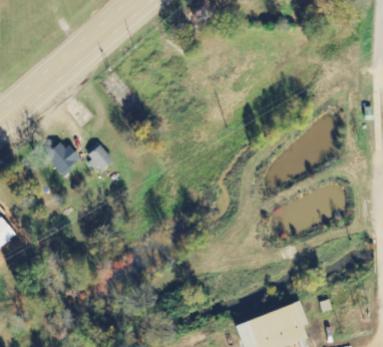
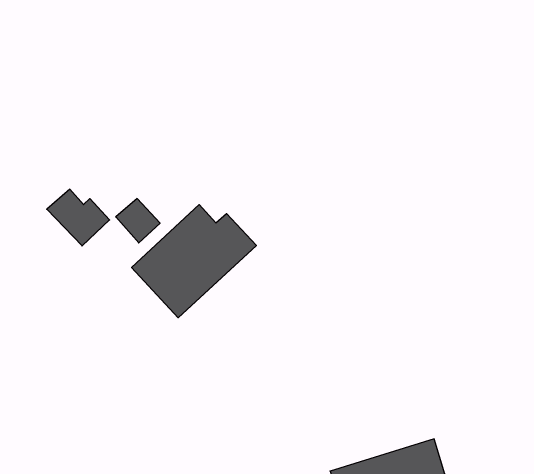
building: none -> [132,205,256,318]

